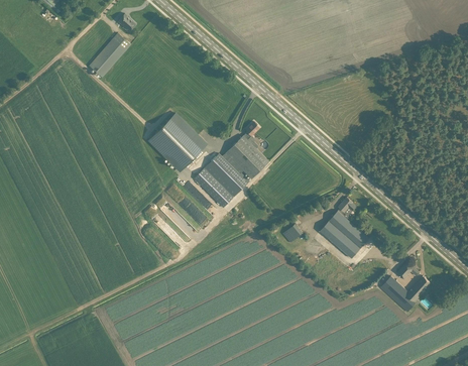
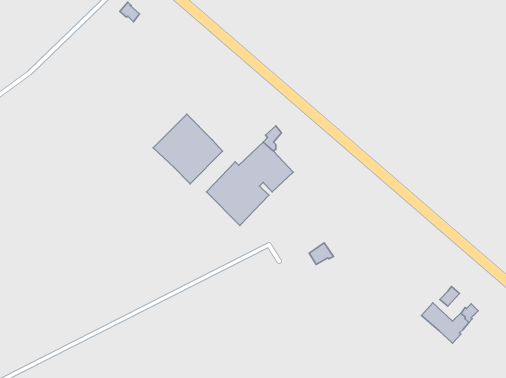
building: [88,32,130,78] -> none
building: [320,197,371,258] -> none

